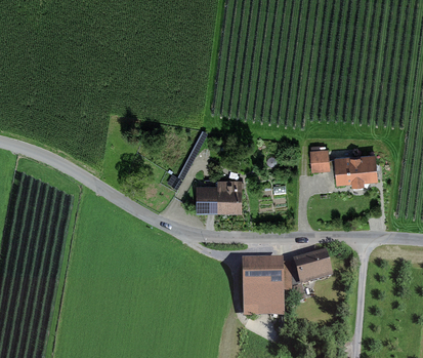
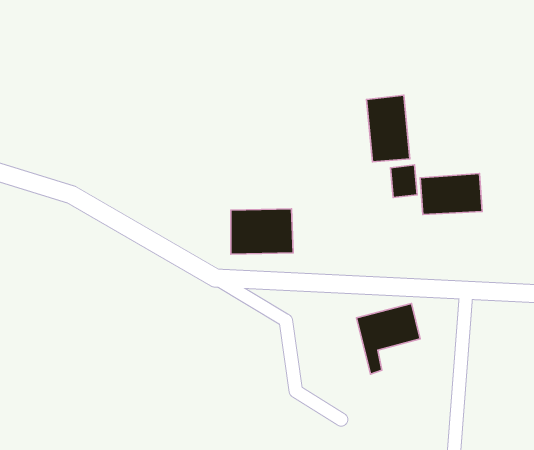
building: none -> [367,95,410,162]
building: [241,256,287,316] -> none

